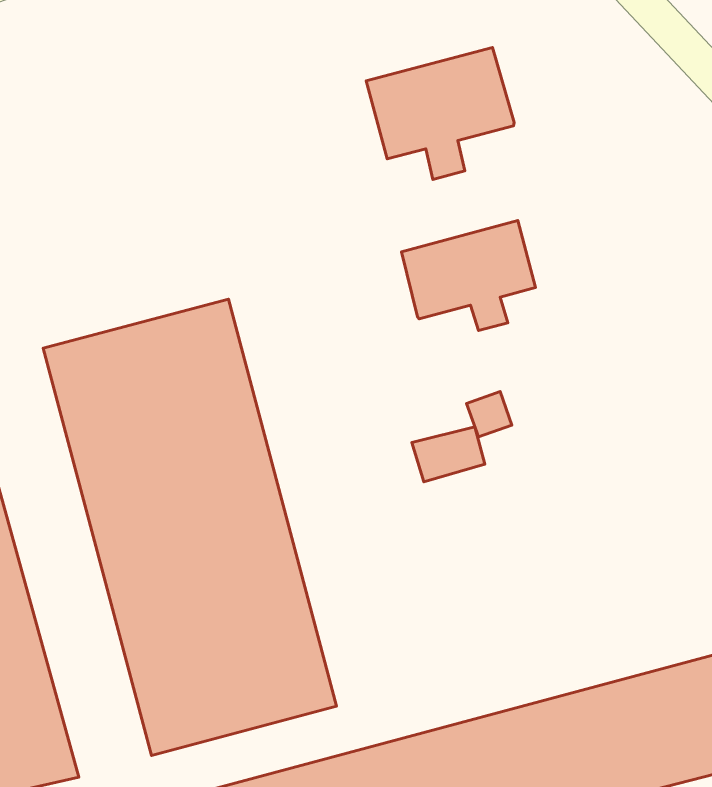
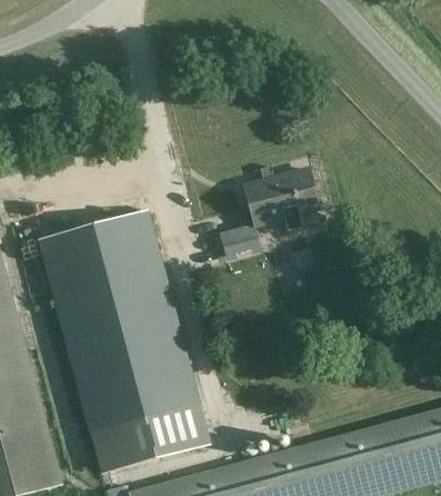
building: [366,48,514,179] -> none
building: [412,427,485,482] -> [219,225,260,256]

